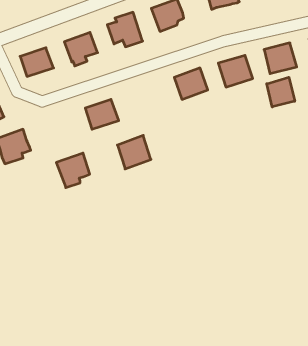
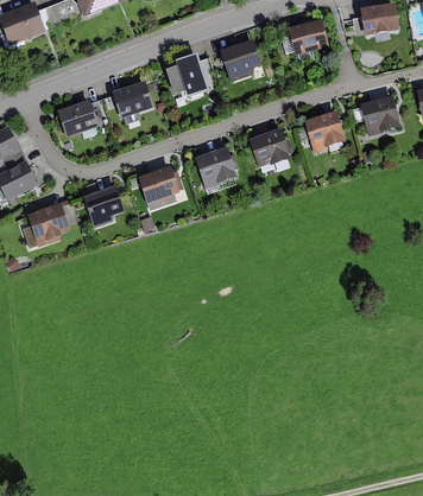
building: [267,77,295,107] -> none
building: [117,135,151,169] -> [195,145,236,186]
building: [56,153,90,188] -> [82,183,124,225]

